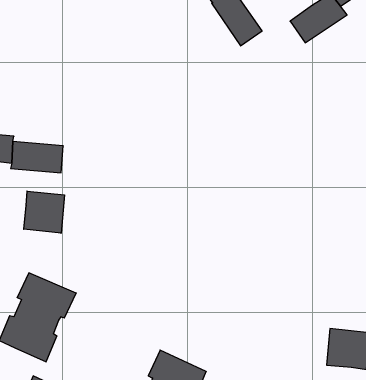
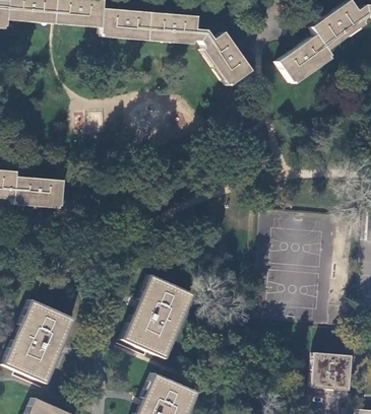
building: [24,191,64,233] -> none
building: none -> [123,275,194,358]

